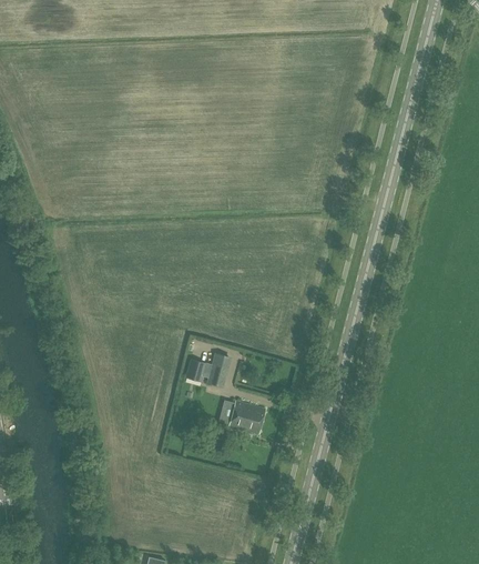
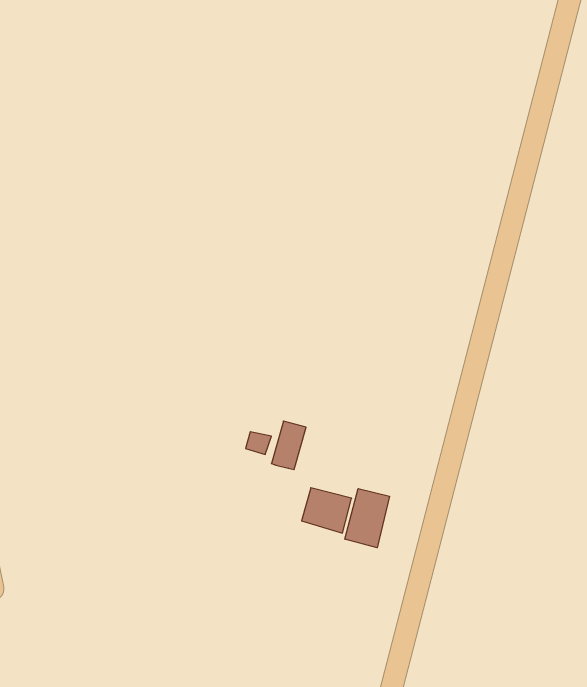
building: none -> [345,489,389,548]

